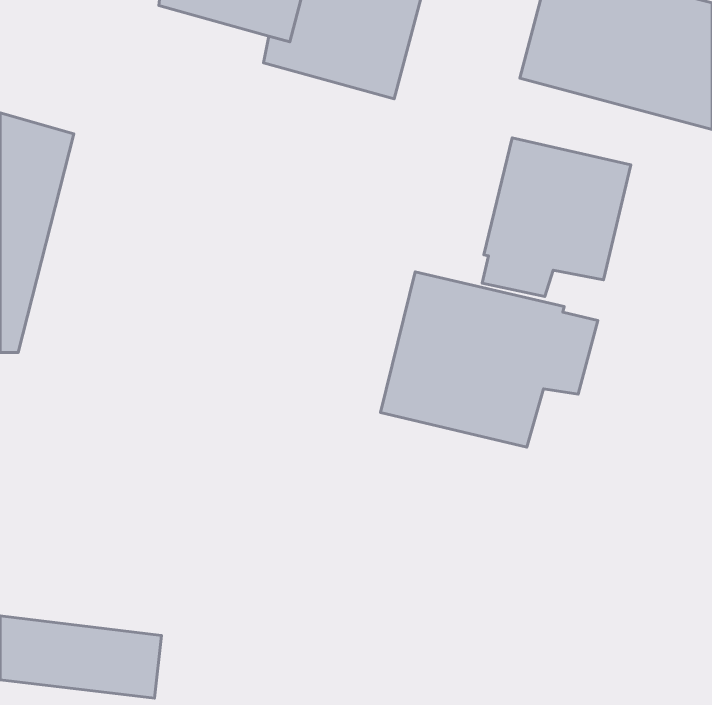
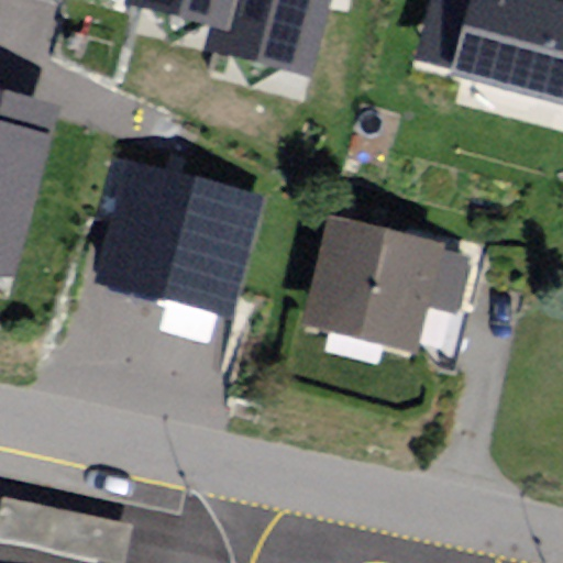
building: [482,138,631,297] -> none
building: none -> [96,156,265,318]

